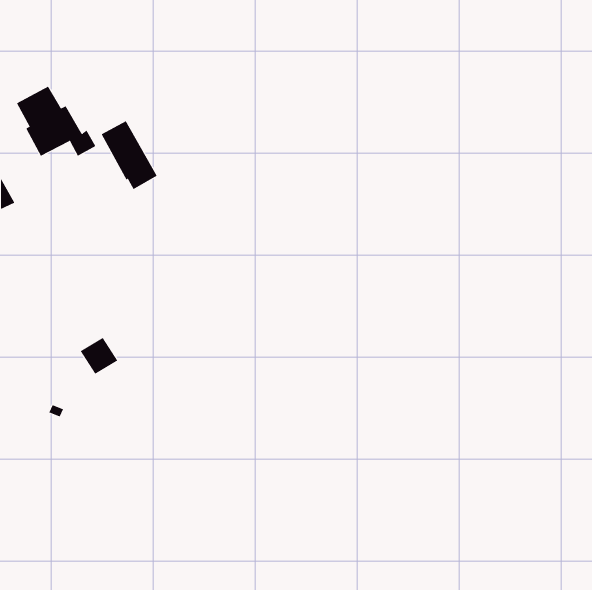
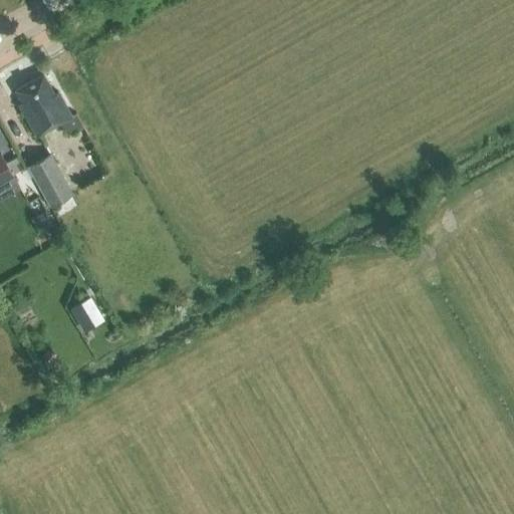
building: [101,120,158,190] -> [28,156,77,216]

